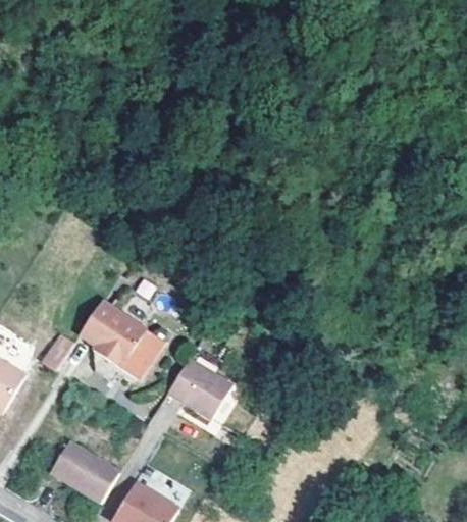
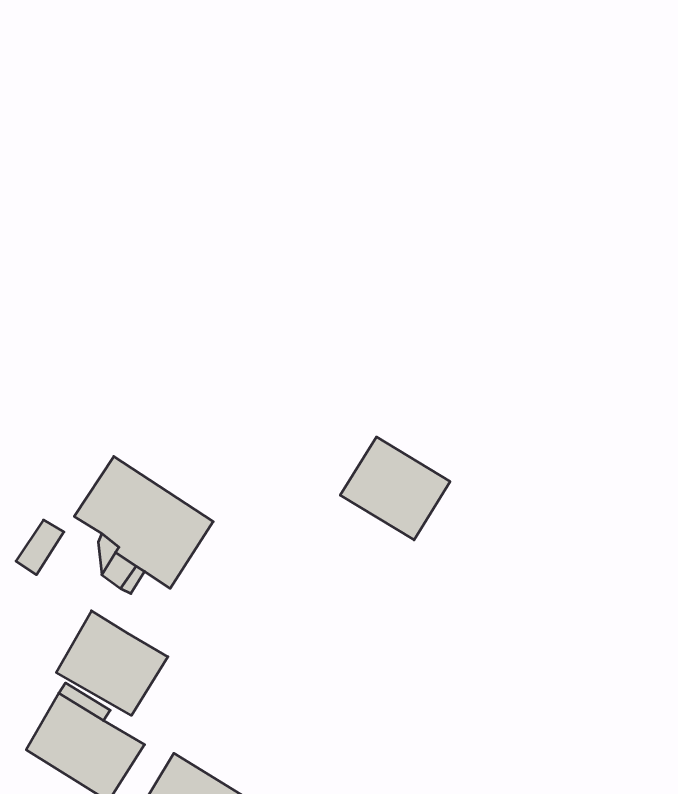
building: [171,355,237,416] -> [340,437,450,540]
building: none -> [56,611,168,715]

